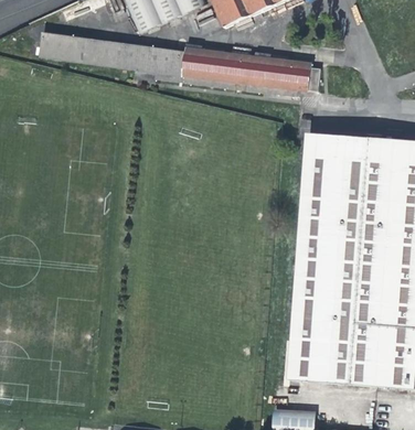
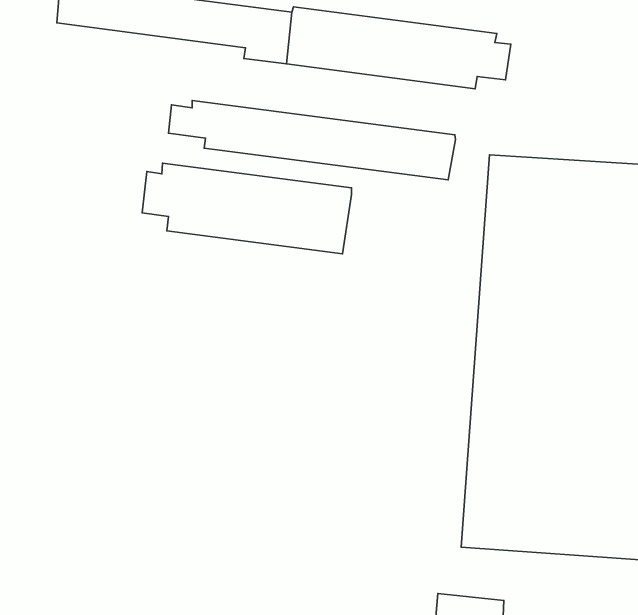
building: none -> [169,101,455,180]
building: none -> [142,163,352,254]

